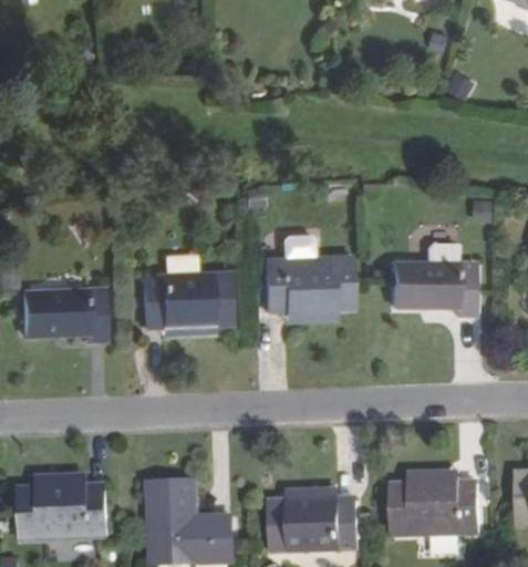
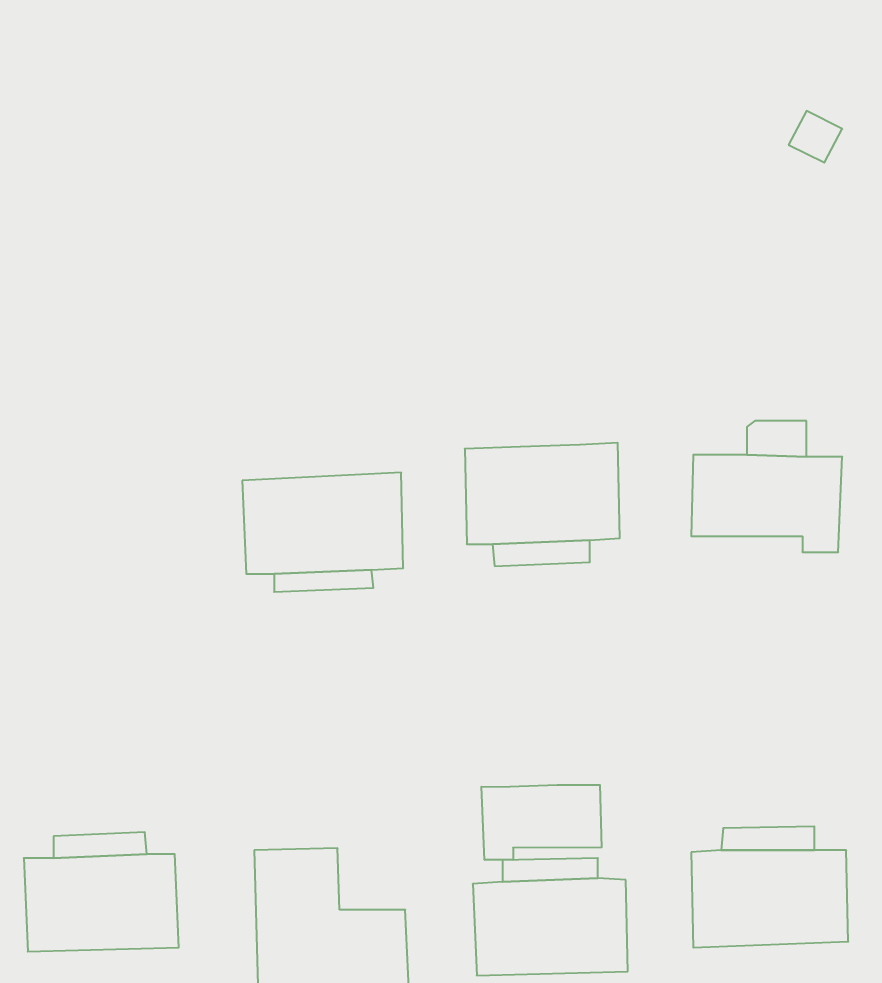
building: [23,288,105,342] -> none
building: none -> [481,785,602,860]

